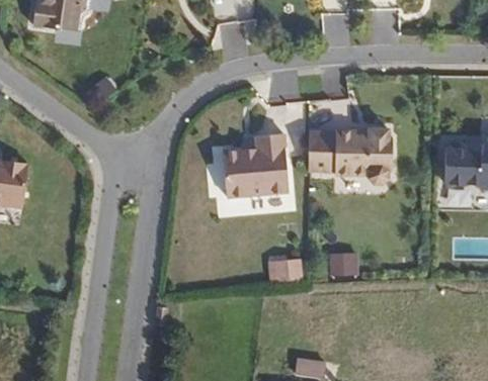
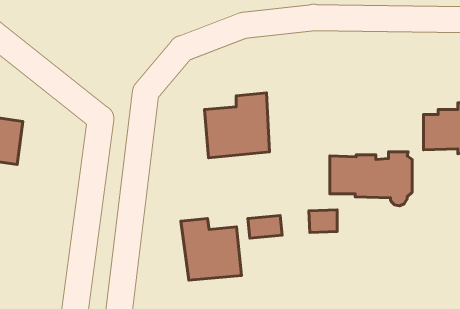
building: [307,129,392,185] -> [330,152,412,206]
building: none -> [181,219,242,280]

